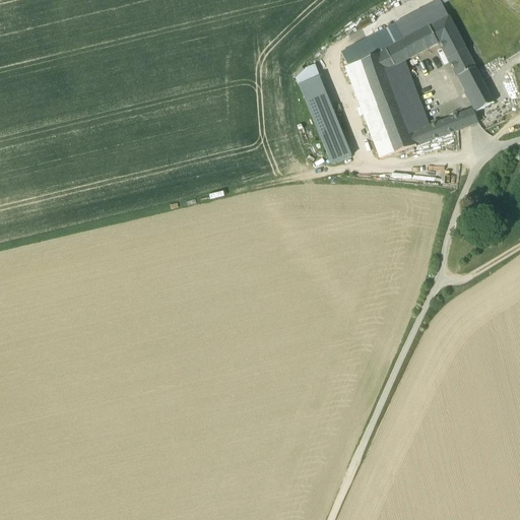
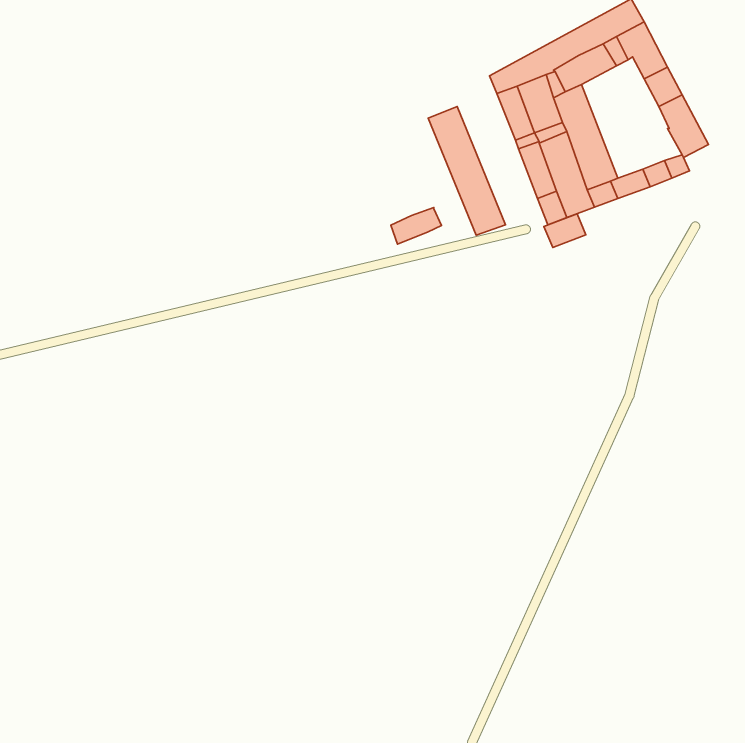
building: none -> [391,207,441,244]
building: none -> [544,214,586,248]

